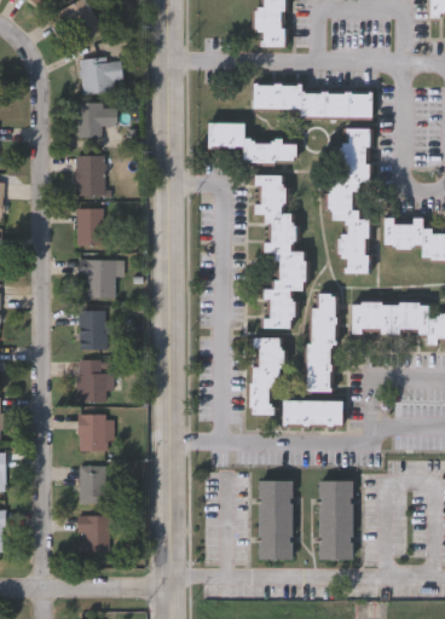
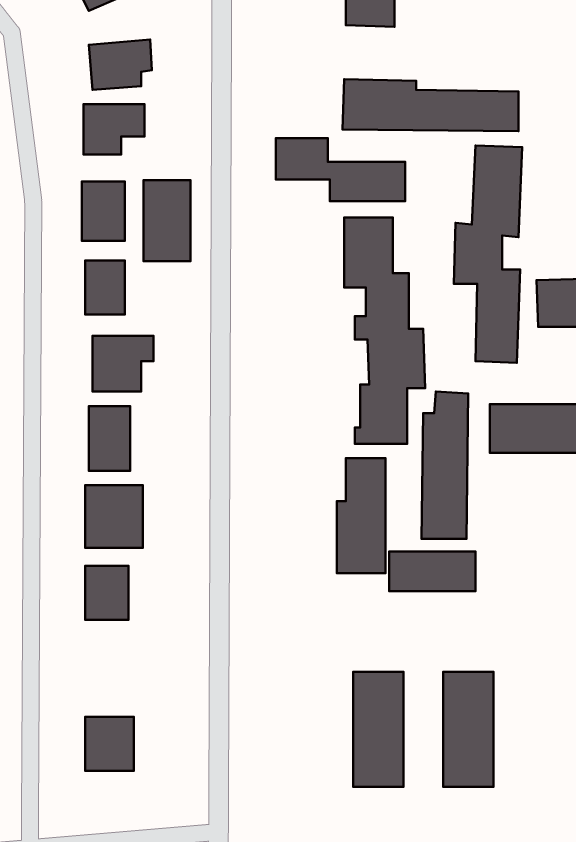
building: none -> [143,180,190,261]
building: [80,463,106,501] -> none

